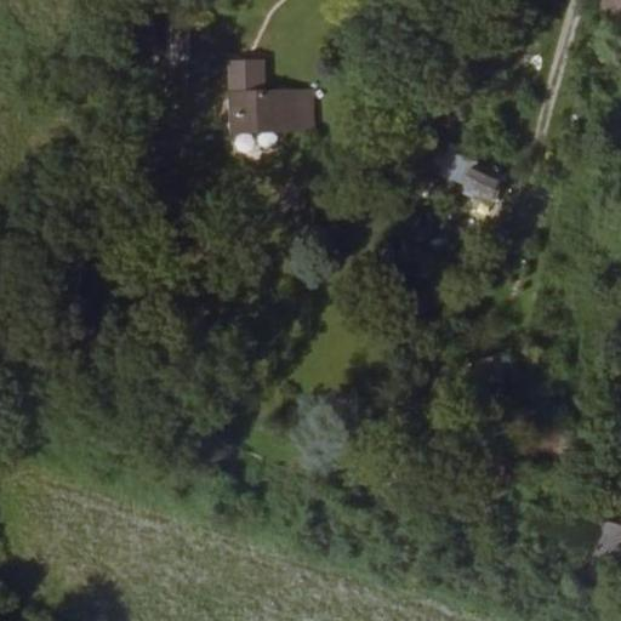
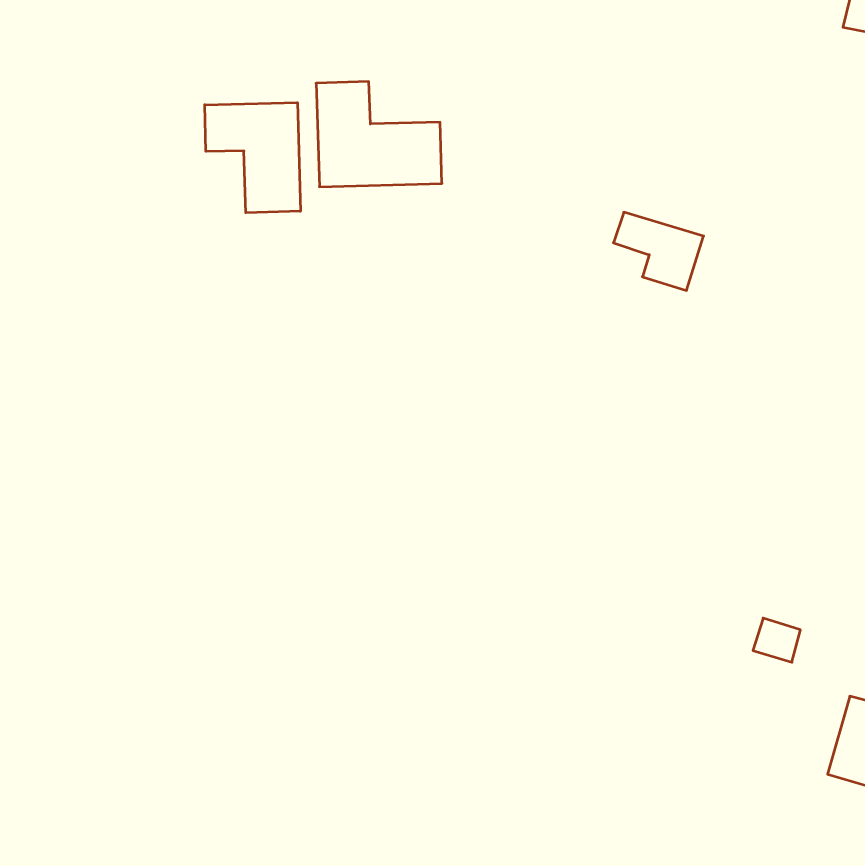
building: none -> [205,103,300,213]

